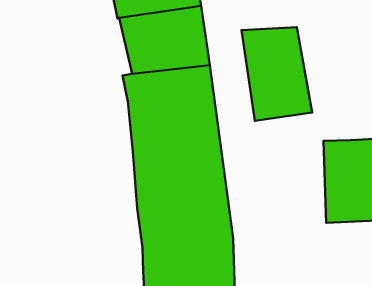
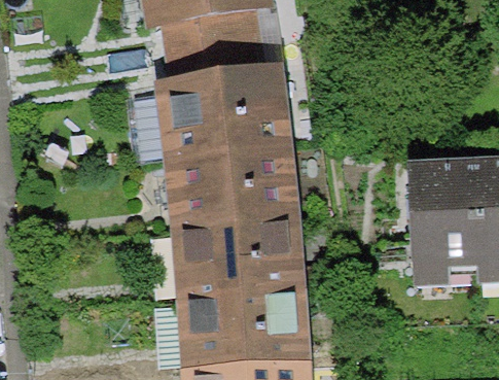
building: [242,27,312,121] -> none

